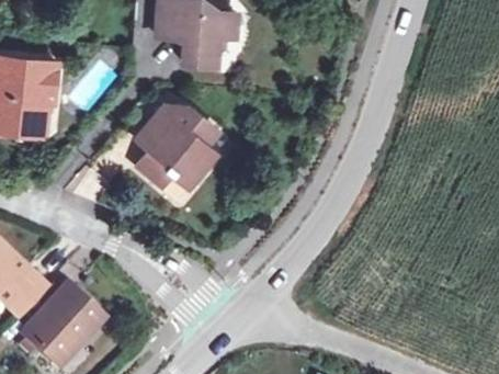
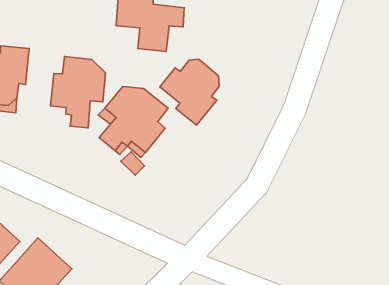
building: none -> [51,57,106,128]
building: none -> [160,59,219,125]

